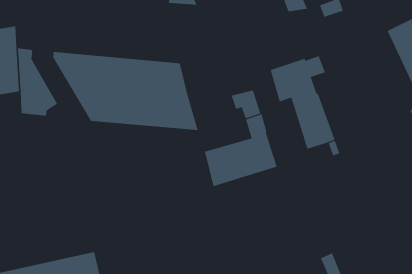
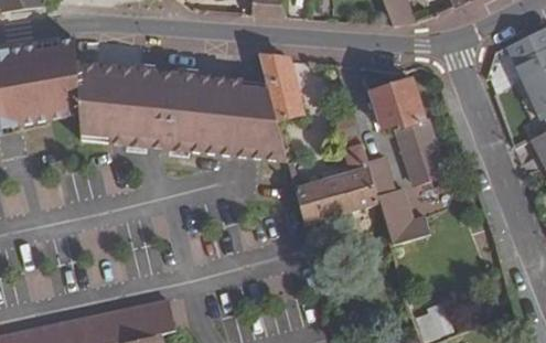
building: none -> [258,53,301,119]
building: none -> [94,67,161,150]
building: none -> [366,154,429,244]

